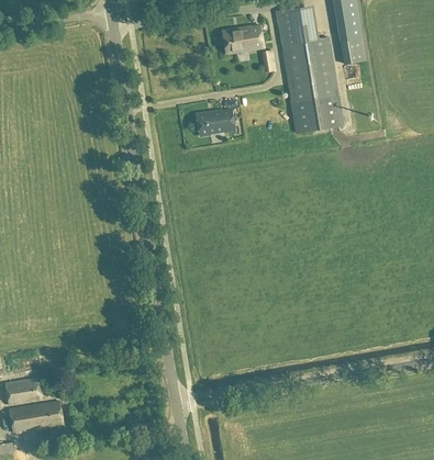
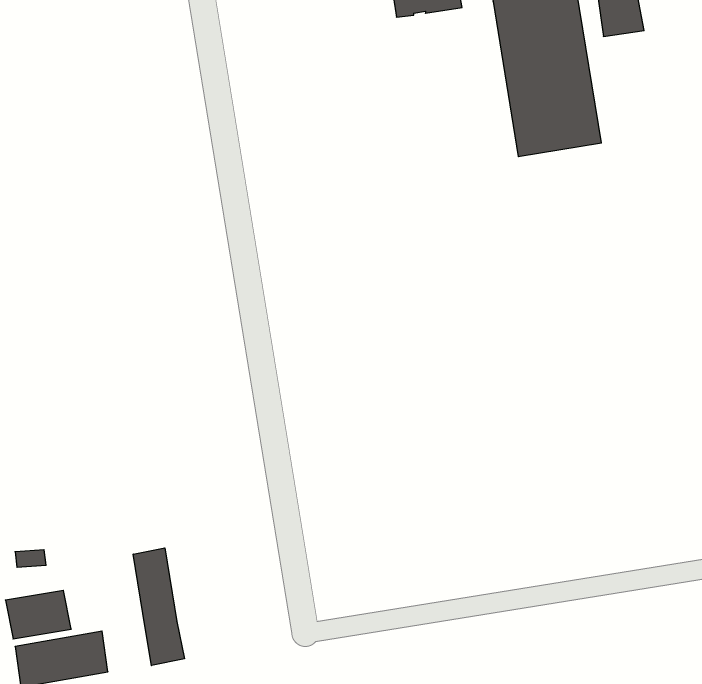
building: [197,108,235,135] -> none
building: none -> [133,548,184,666]

